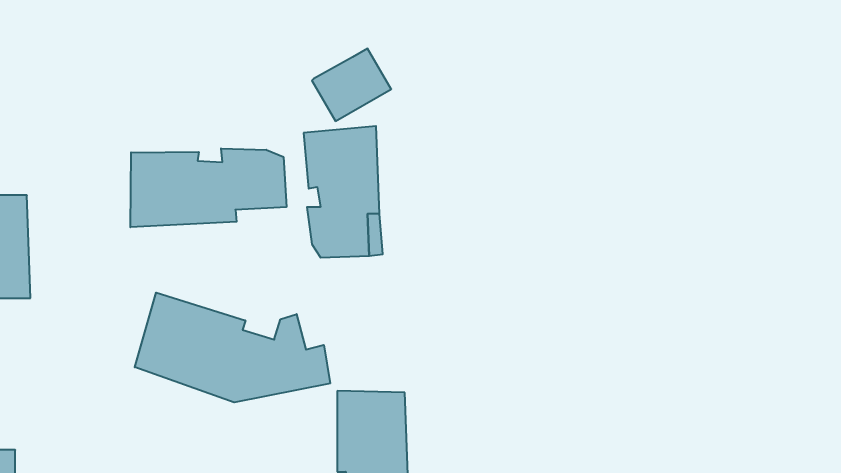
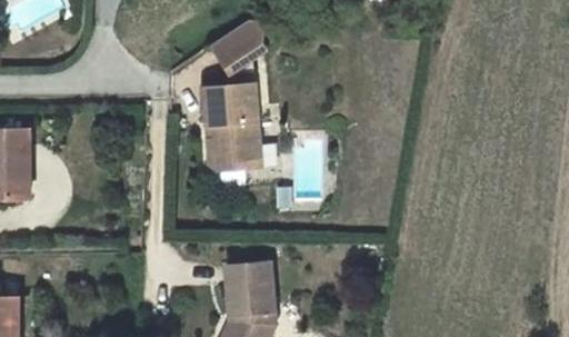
building: [130,148,286,227] -> none
building: [135,293,330,402] -> none

